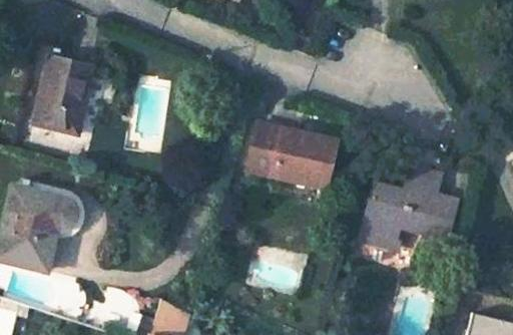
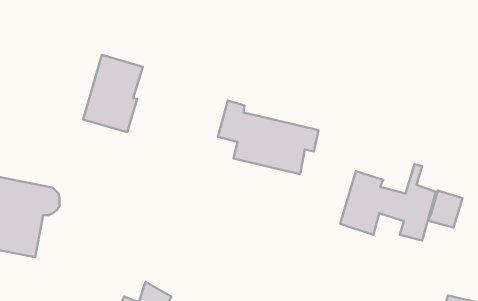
building: [29,59,90,138] -> [83,55,143,132]
building: [403,169,438,207] -> [428,190,462,228]

